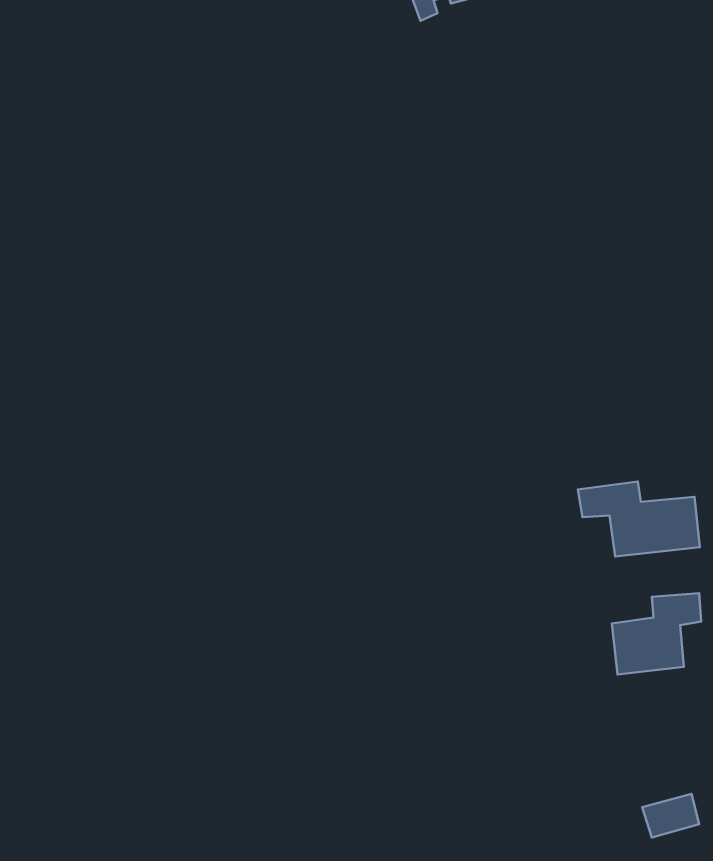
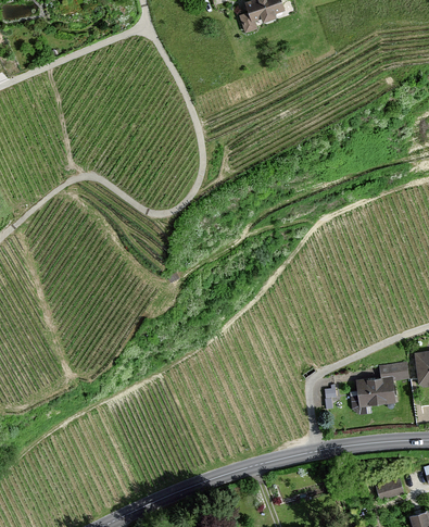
building: [578,481,700,556] -> none

